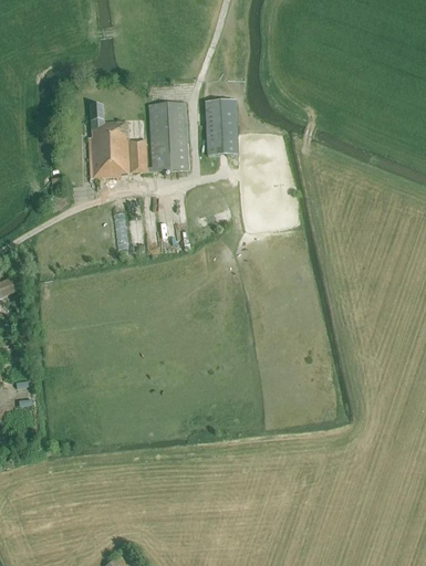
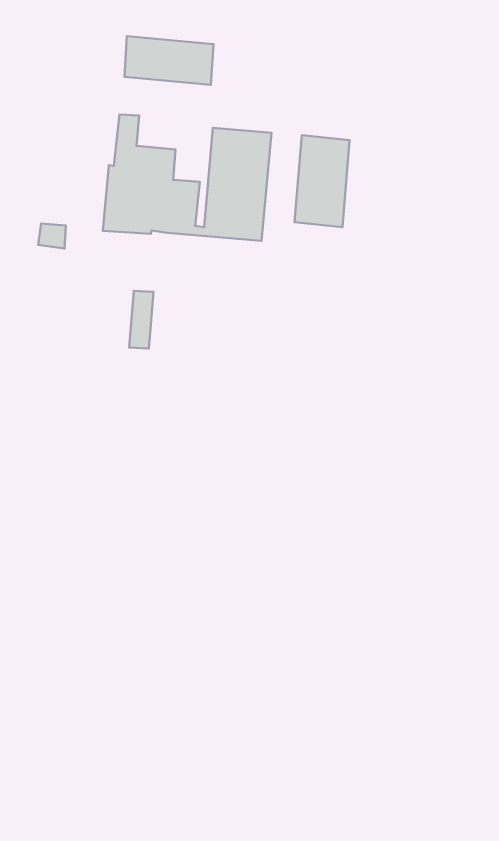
building: none -> [124,36,214,85]

